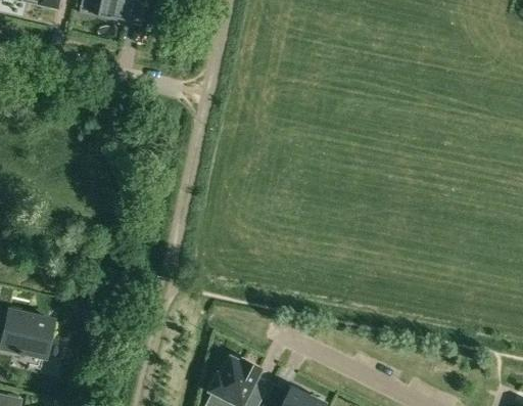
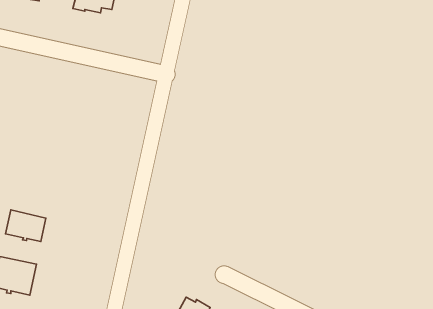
building: none -> [5,210,46,242]

